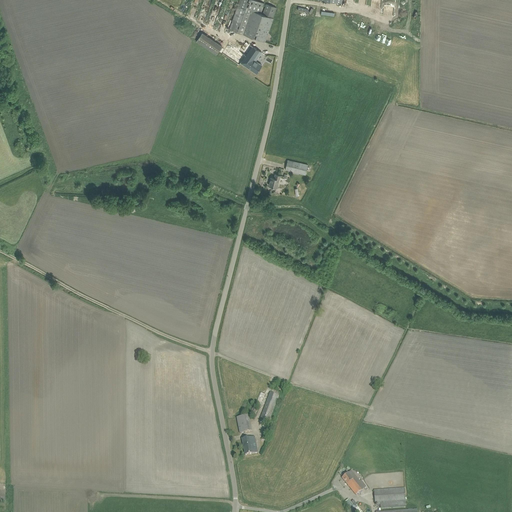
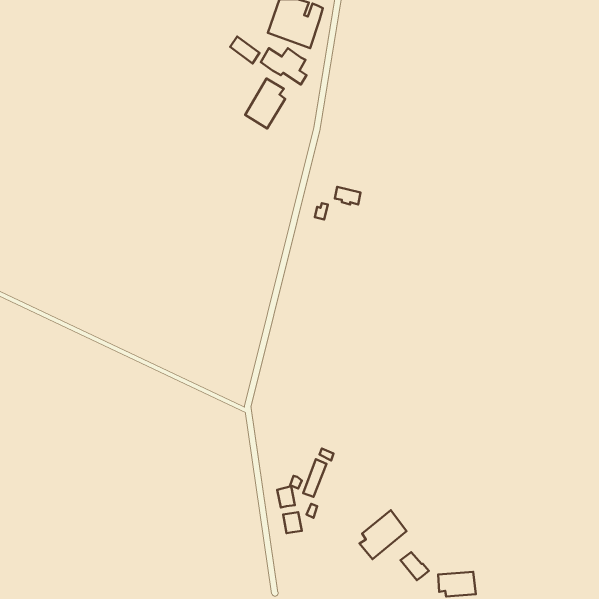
building: none -> [245,79,285,129]
building: none -> [359,510,407,559]

